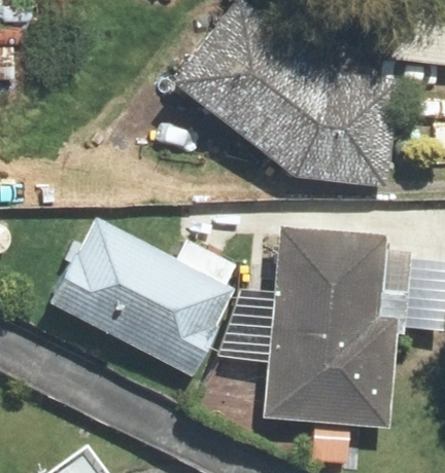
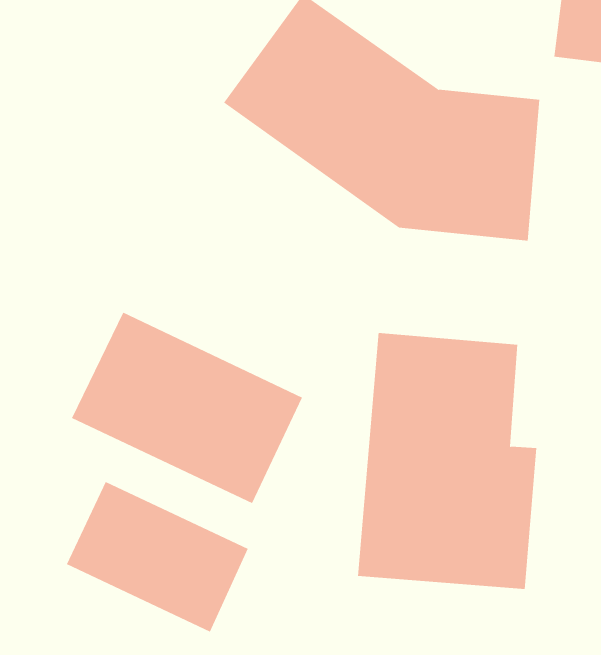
building: none -> [66,481,249,633]

